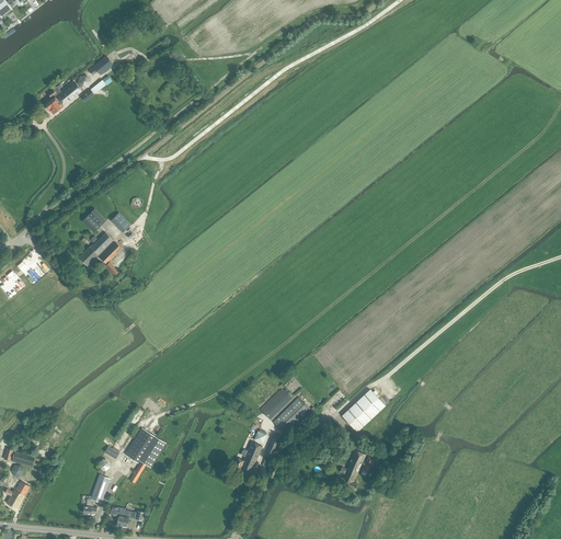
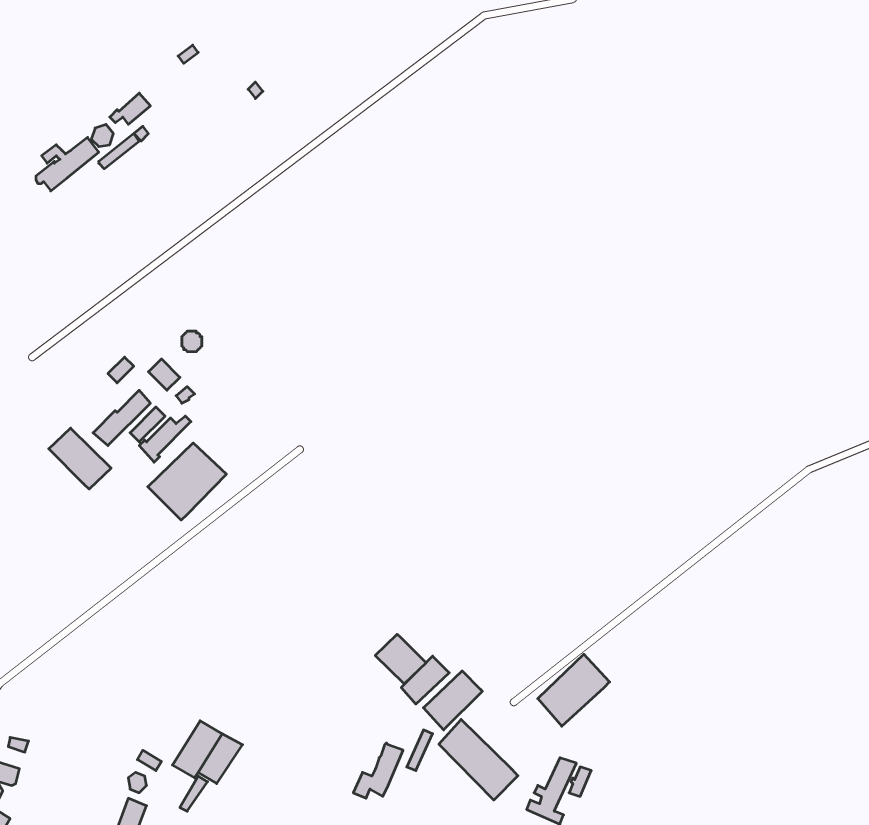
building: none -> [49,428,111,489]
building: none -> [148,443,226,520]
building: none -> [375,634,426,684]
building: none -> [439,719,518,800]

